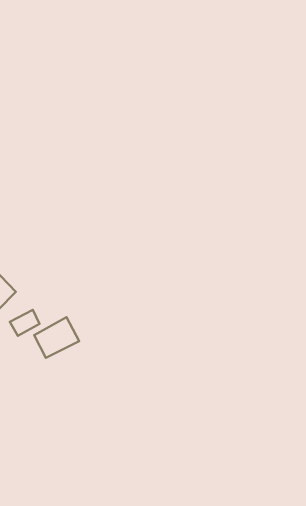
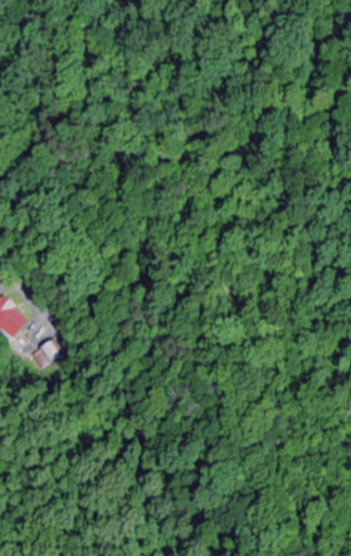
building: [34,317,79,358] -> none

